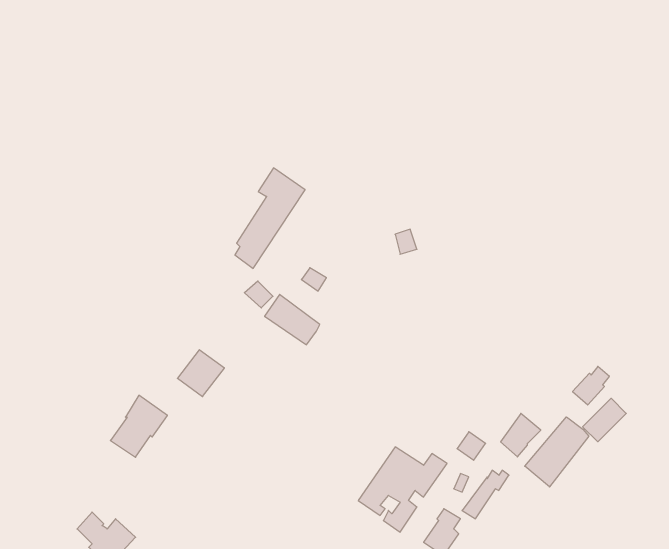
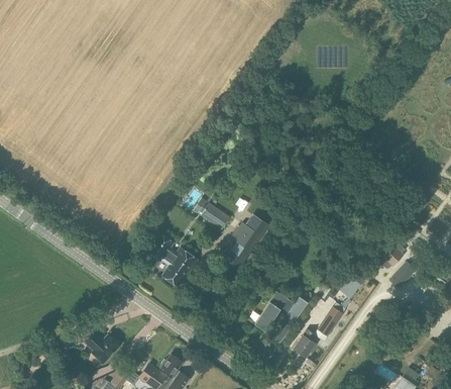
building: [235,168,305,268] -> [218,223,260,284]
building: [110,395,167,457] -> [162,249,197,286]
building: [525,417,589,487] -> none

